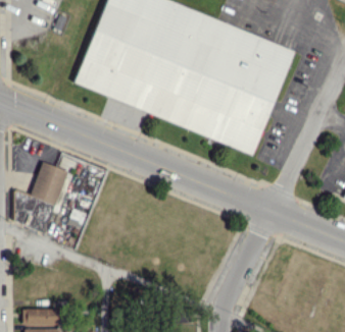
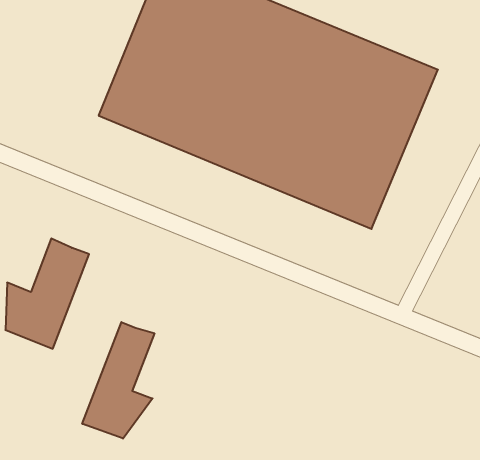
building: none -> [82,322,154,439]

